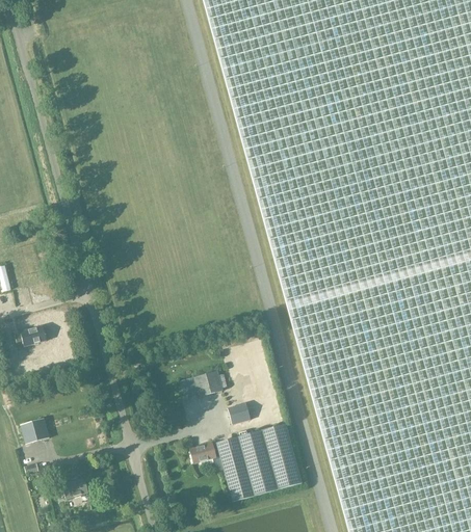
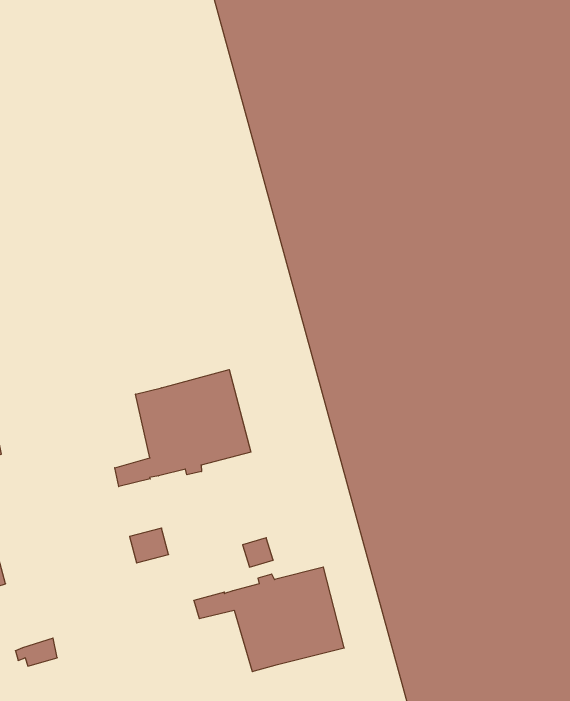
building: none -> [115,370,251,487]
building: [191,372,220,398] -> [130,528,169,563]

